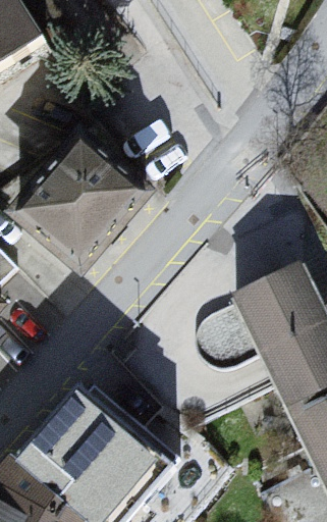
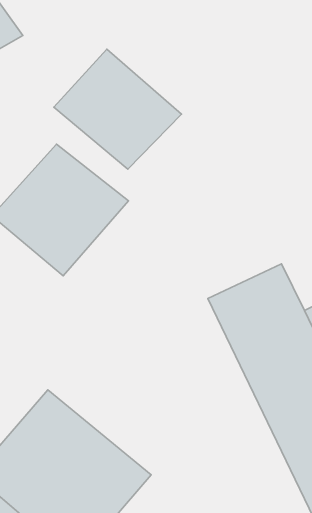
building: none -> [54,49,182,169]

